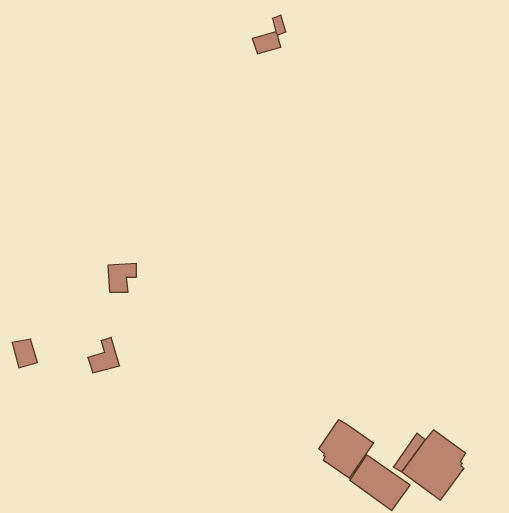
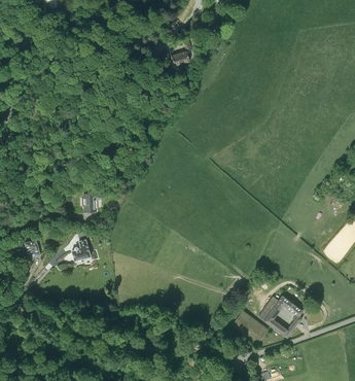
building: [319,420,374,478] -> none

